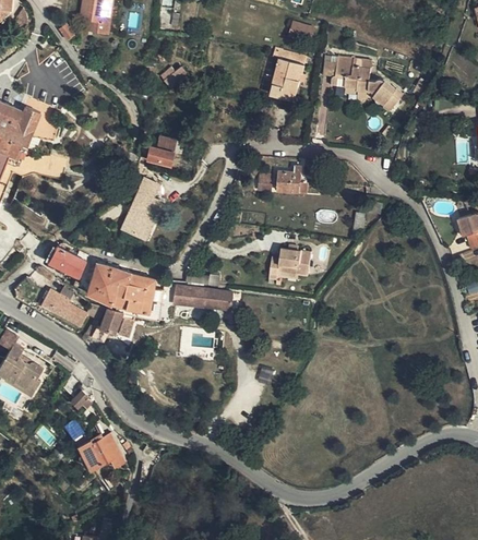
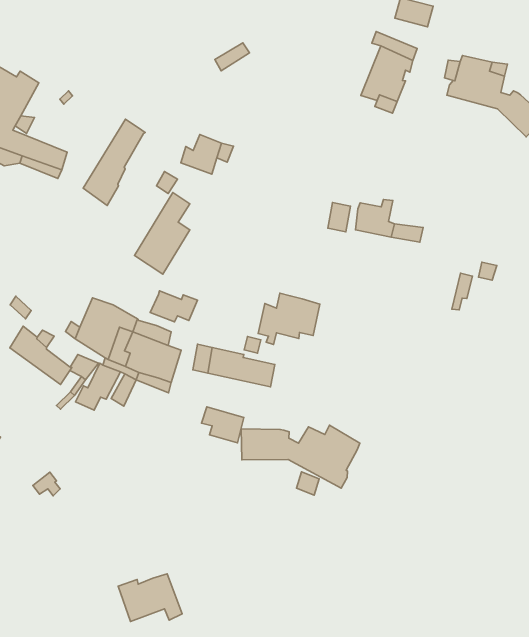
building: none -> [83,119,145,206]
building: [46,247,85,277] -> none
building: [268,249,310,286] -> [258,293,320,345]
building: none -> [150,291,197,322]
building: none -> [241,425,360,488]
building: [77,432,126,469] -> [118,574,182,622]

